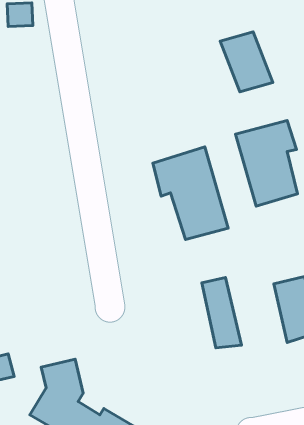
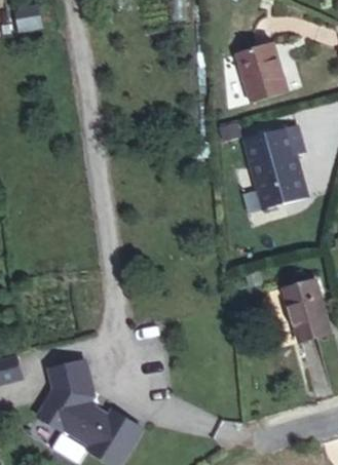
building: [153,147,228,240] -> none
building: [202,277,242,348] -> none

